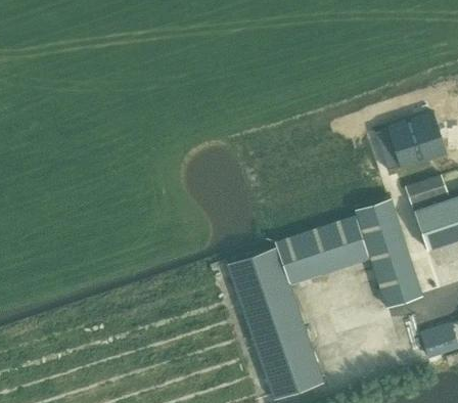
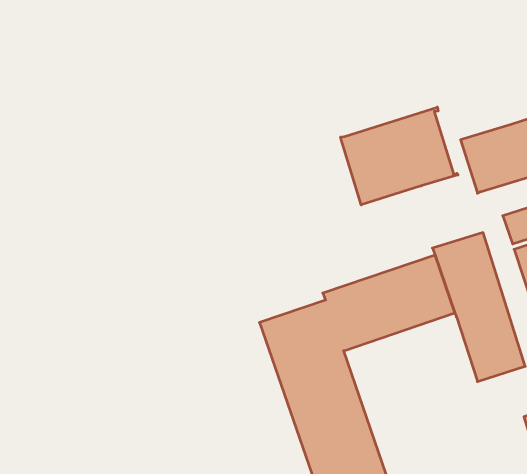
building: none -> [341,107,458,205]

